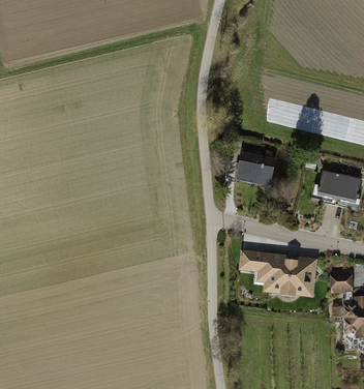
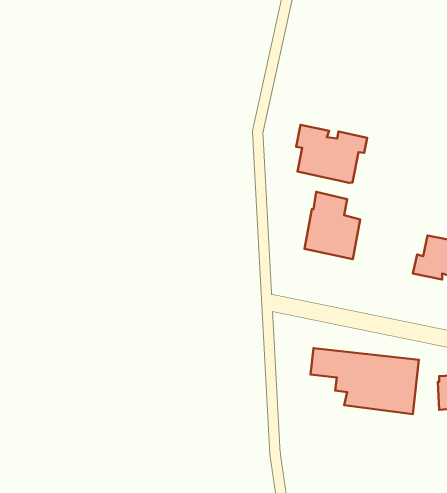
building: none -> [296,125,367,183]

